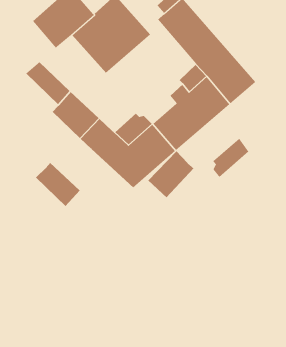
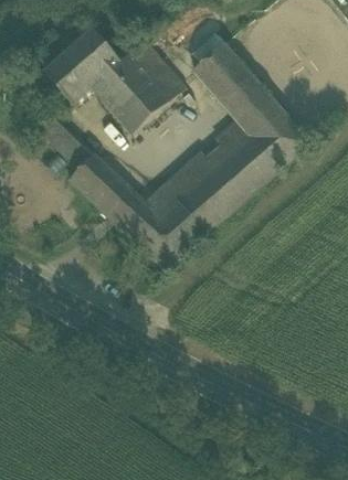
building: none -> [173,152,214,191]
building: [212,138,249,178] -> none
building: [148,151,194,198] -> none
building: [35,162,81,207] -> none

